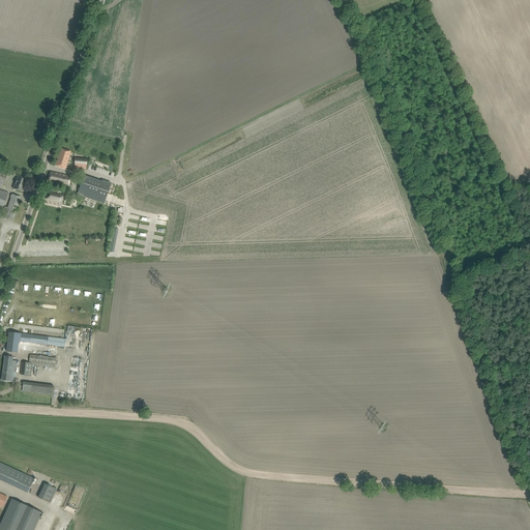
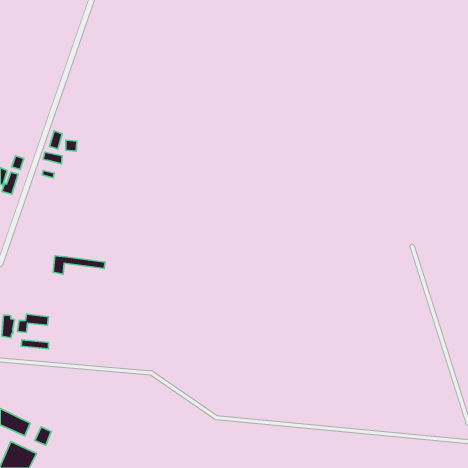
building: [77,176,110,204] -> none
building: [6,332,65,353] -> [53,256,105,274]

